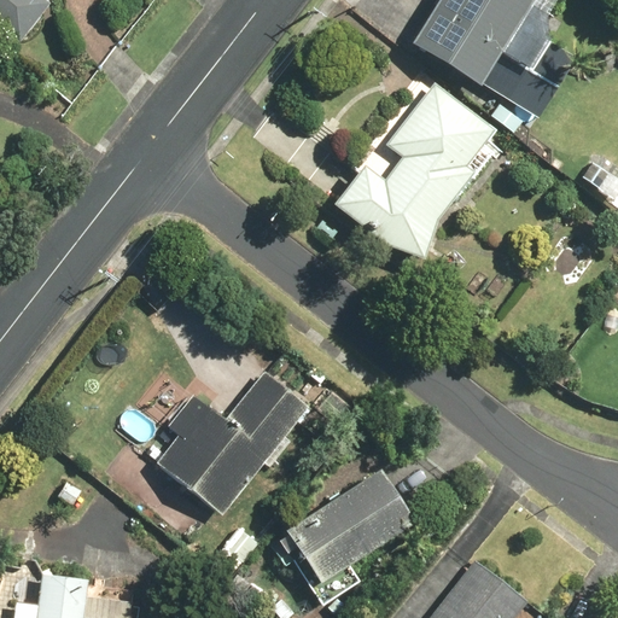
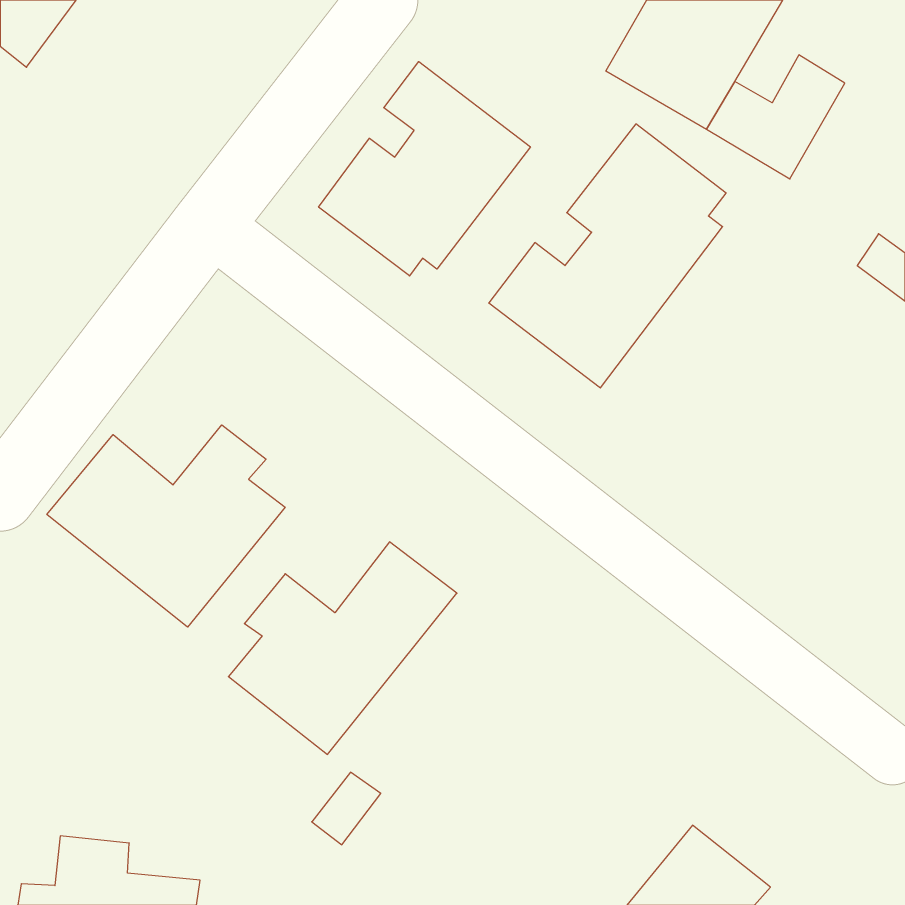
building: none -> [319,62,530,276]
building: none -> [47,425,285,627]
building: [286,468,415,605] -> none

